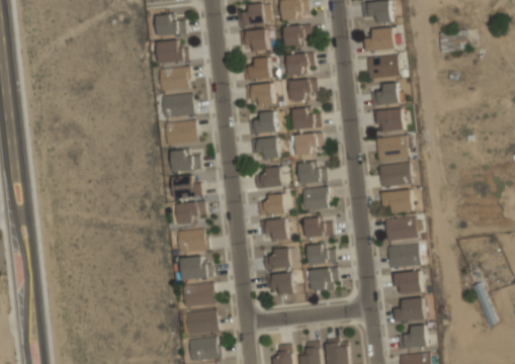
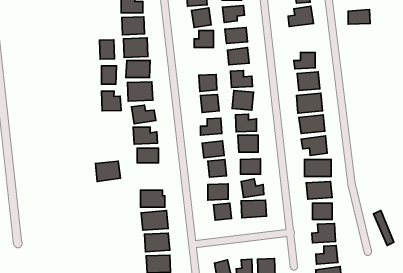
building: [366,54,399,78] -> none
building: none -> [100,40,115,59]
building: [249,83,271,105] -> none
building: none -> [101,66,116,84]
building: none -> [102,91,121,111]
building: [176,228,207,253] -> [95,161,121,181]

